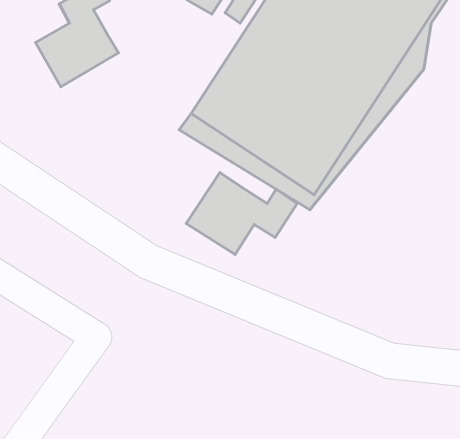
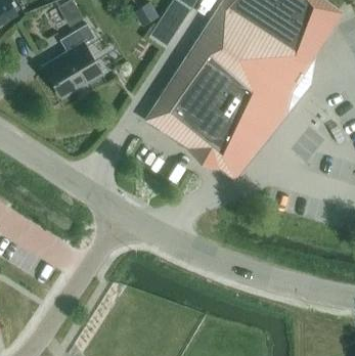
building: [186,173,297,255] -> none

